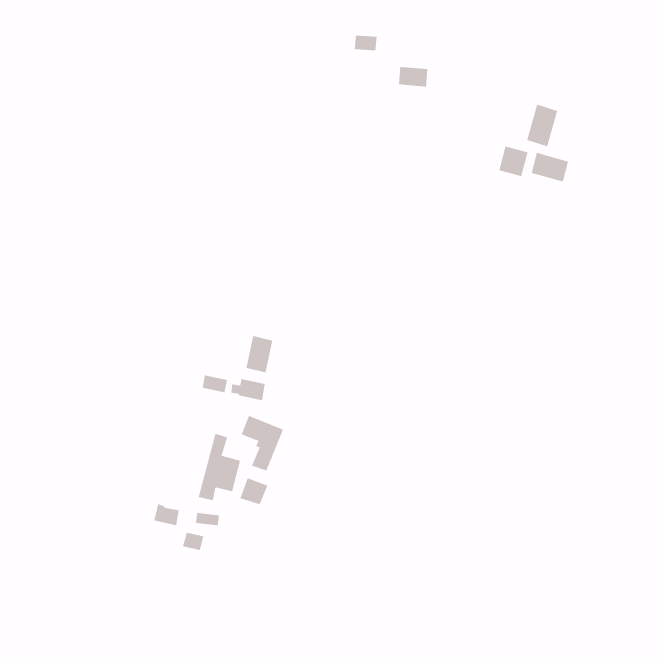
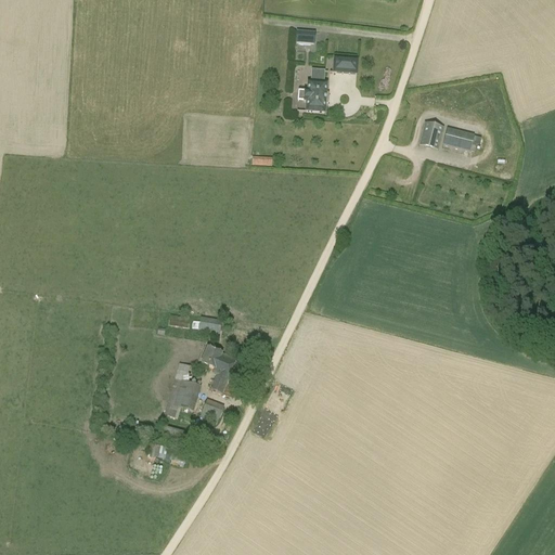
building: none -> [302,68,326,111]
building: [527,104,558,147] -> none
building: [246,335,273,373] -> none

